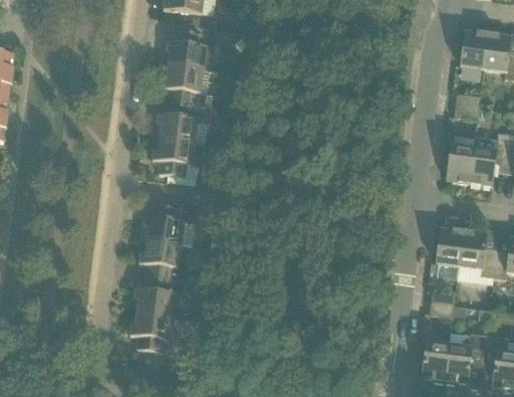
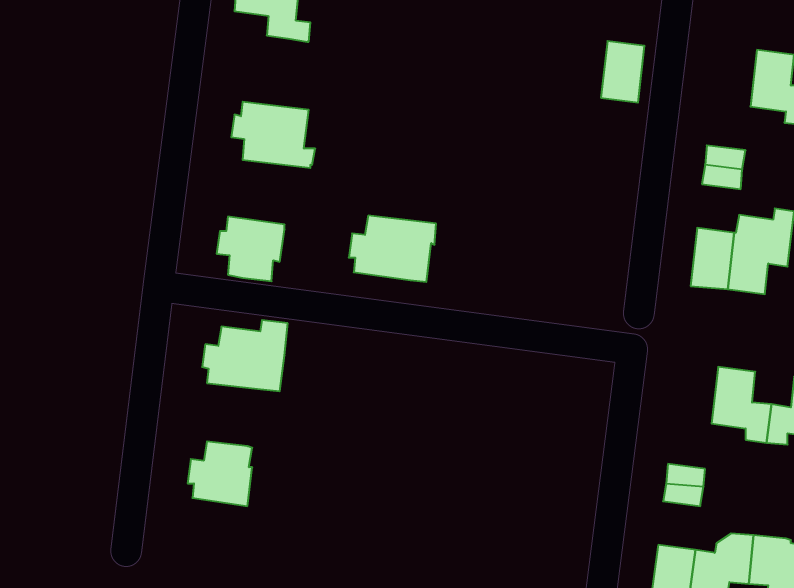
building: [166,32,217,72] -> none
building: [461,32,488,70] -> [601,41,645,103]
building: [157,104,211,145] -> [349,216,436,282]
building: [436,229,464,280] -> none
building: [140,242,187,283] -> none
building: [131,314,172,354] -> none

